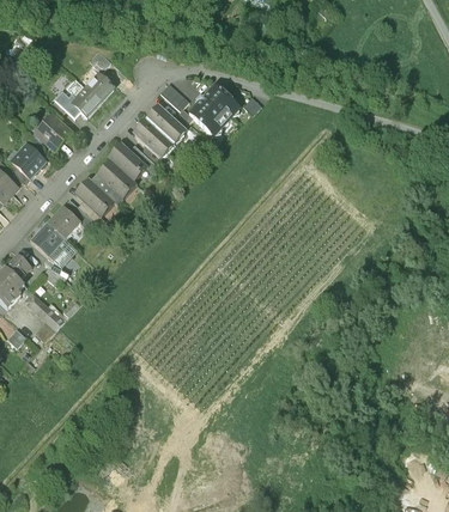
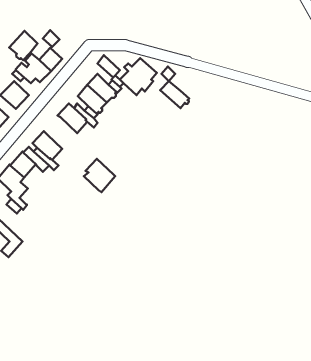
building: none -> [9,31,37,60]
building: none -> [160,81,189,108]
building: [96,160,136,203] -> [84,159,115,192]

